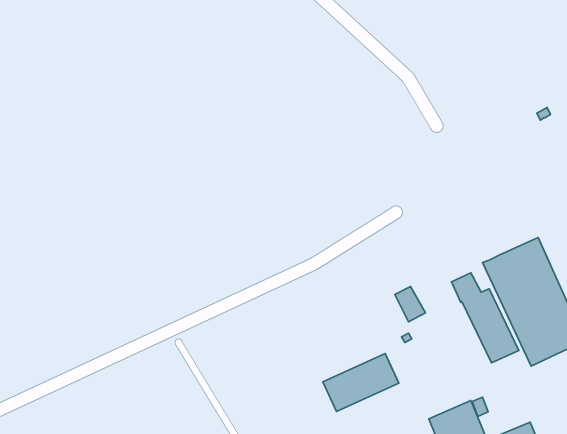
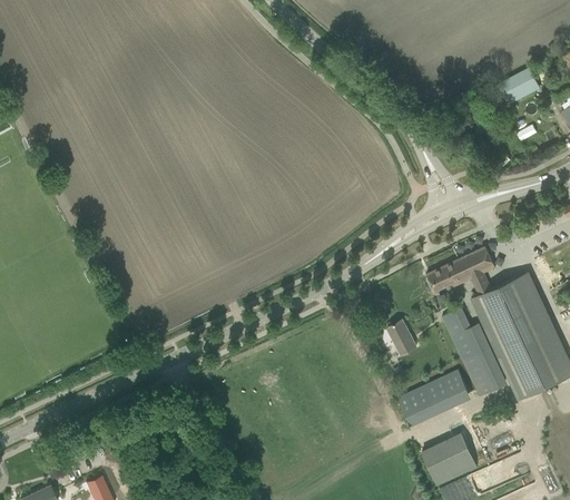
building: none -> [500,69,538,101]
building: none -> [428,246,497,295]
building: [323,353,399,412] -> [397,370,472,427]

